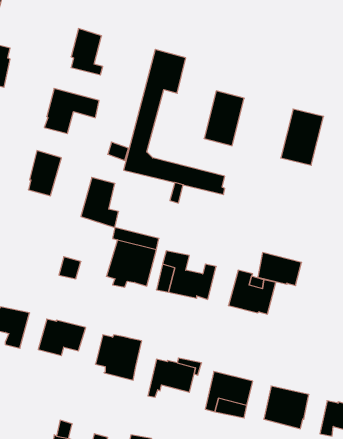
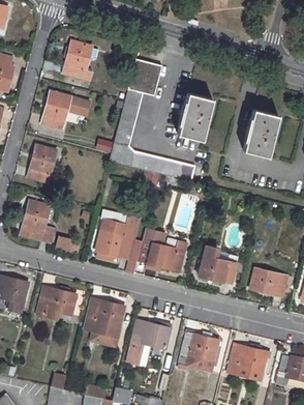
building: [81,177,119,228] -> [21,200,53,242]
building: [258,253,302,286] -> [250,267,287,295]

